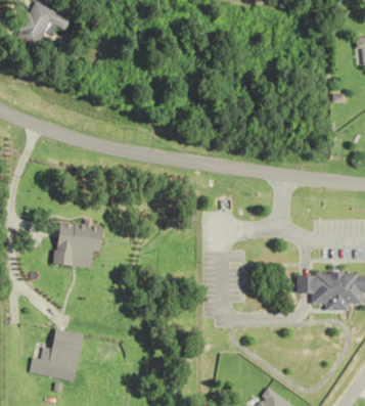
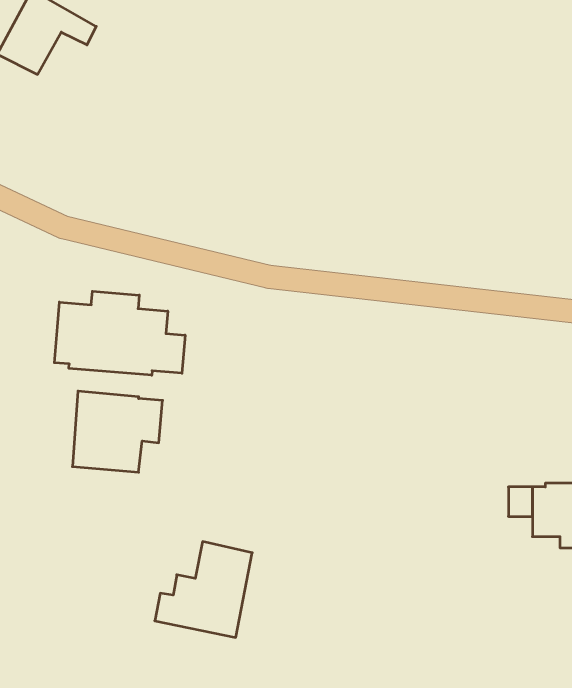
building: none -> [54,291,185,375]
building: [33,328,87,381] -> [155,542,252,637]

